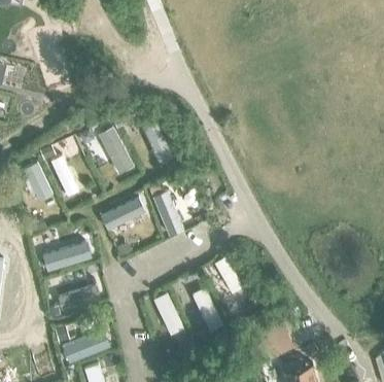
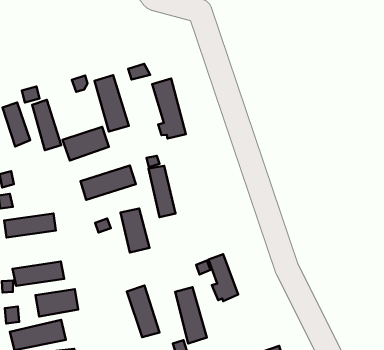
building: none -> [63,127,109,161]
building: none -> [121,208,150,252]
building: none -> [35,289,78,317]

